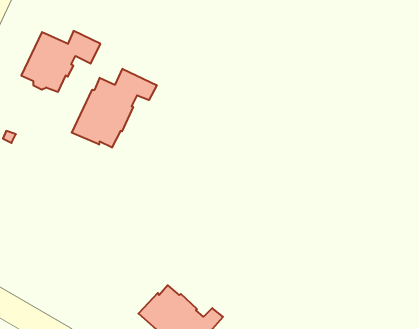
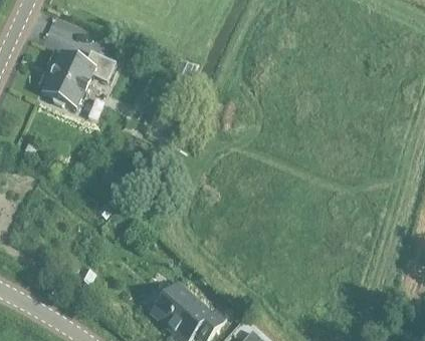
building: [72,69,157,148] -> none

